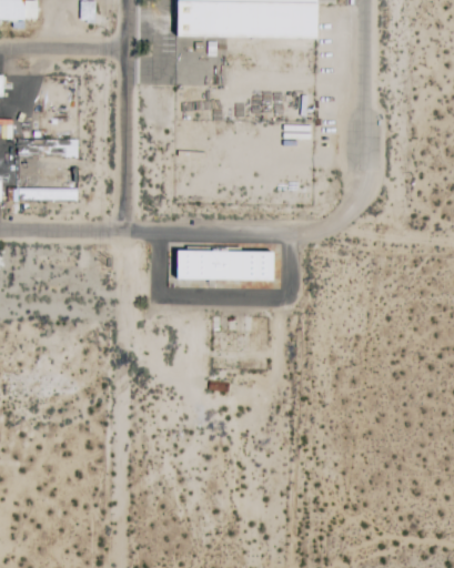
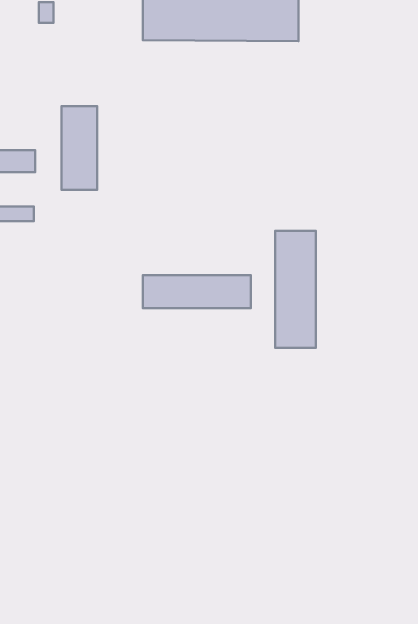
building: none -> [61,106,97,190]
building: none -> [275,231,316,348]

